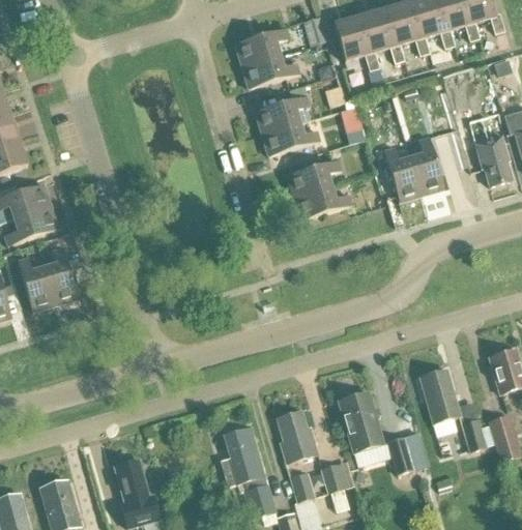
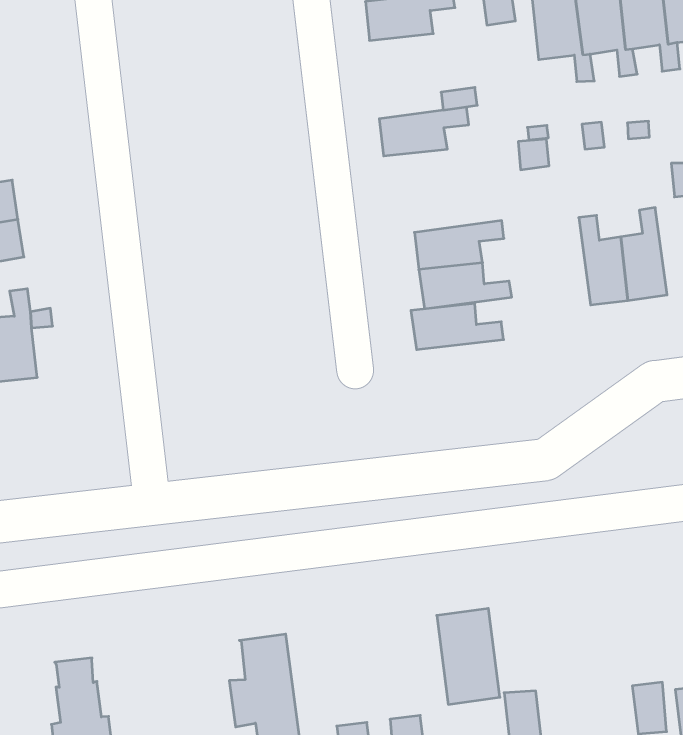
building: [242,55,300,88] -> none
building: [262,122,320,155] -> [411,303,504,350]
building: [421,369,461,422] -> none
building: [278,410,318,462] -> none

